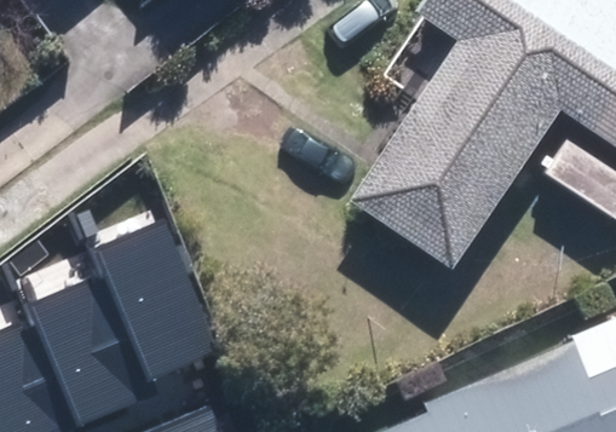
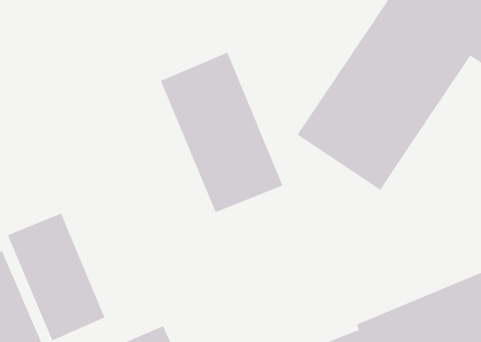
building: none -> [160,51,283,213]
building: [96,224,215,382] -> none

